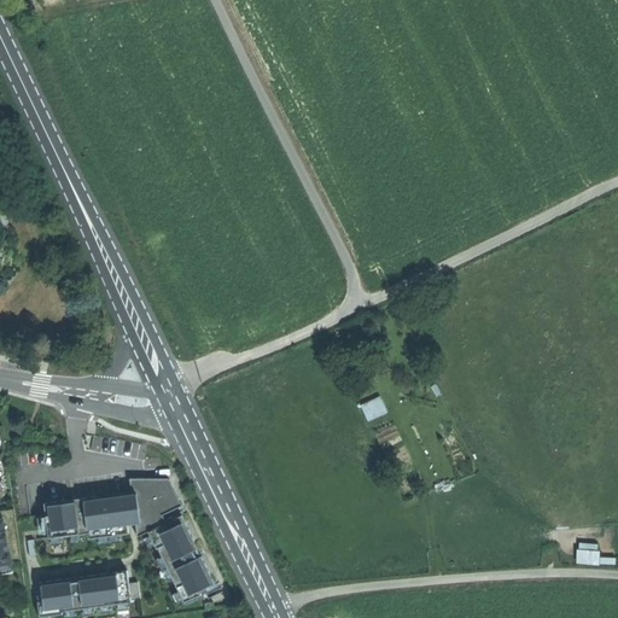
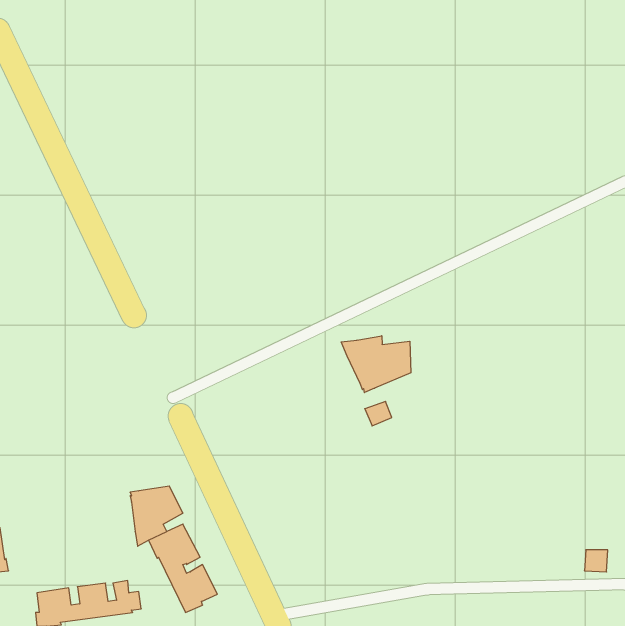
building: none -> [341,336,411,393]
building: [41,494,133,540] -> none

